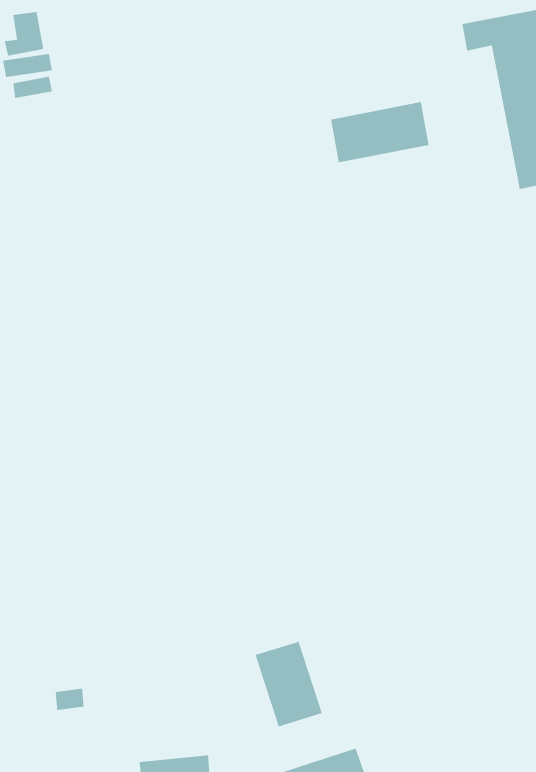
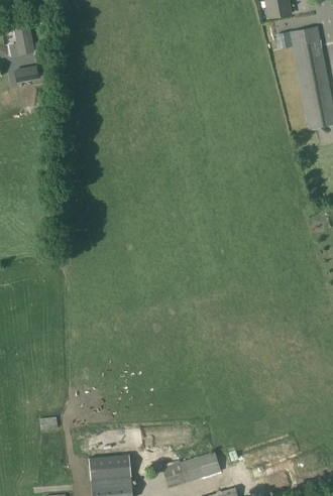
building: [330,101,429,163] -> none
building: [254,641,323,728] -> none

